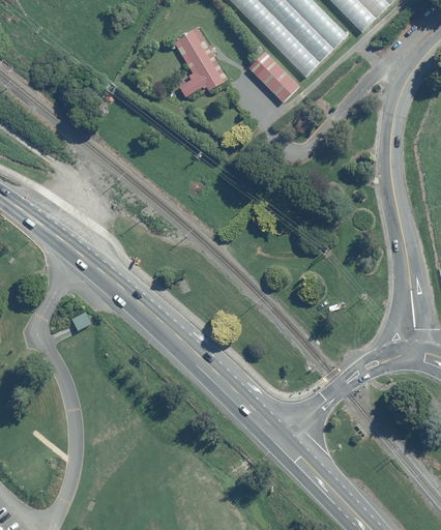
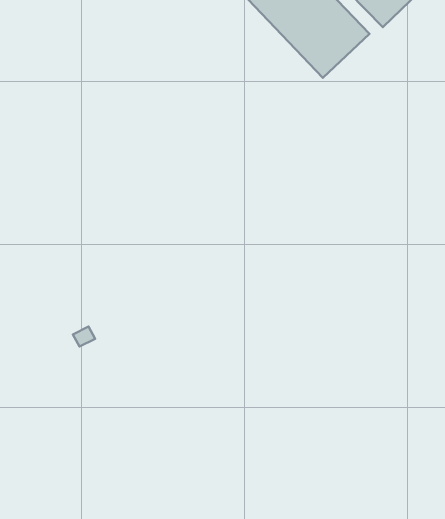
building: [174,25,228,95] -> none
building: [258,57,299,99] -> none

